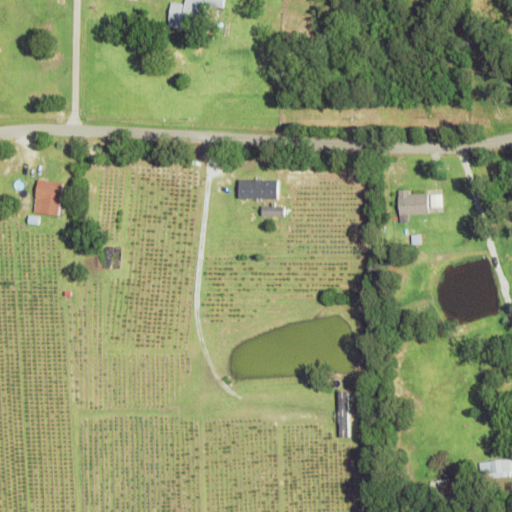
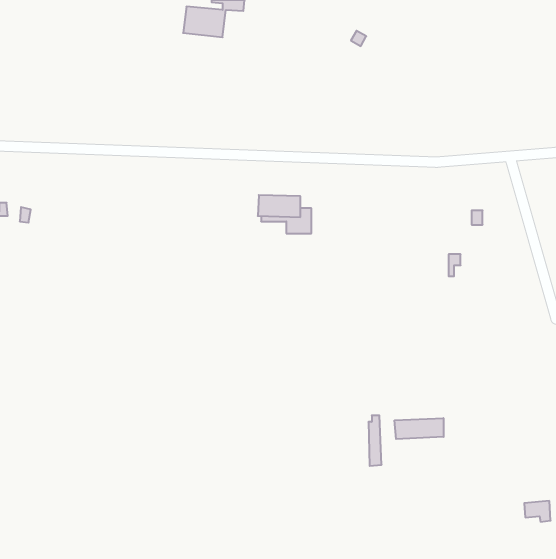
building: [33,178,62,213] -> none
building: [398,188,427,213] -> none
building: none -> [395,418,444,439]

